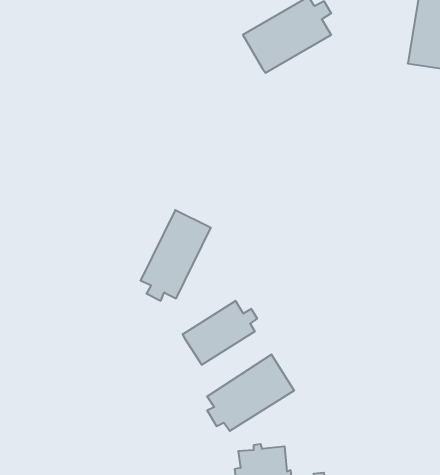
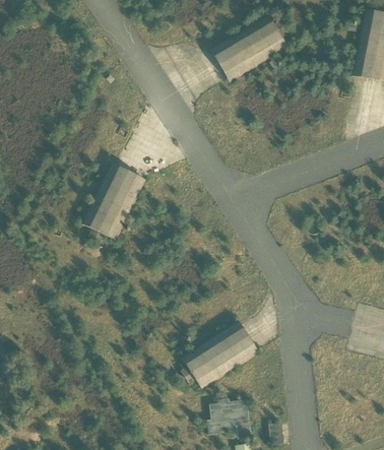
building: [140,210,211,301] -> [84,164,144,241]
building: [183,301,257,365] -> none

